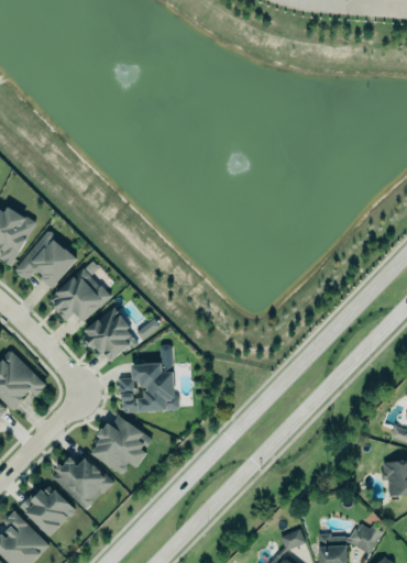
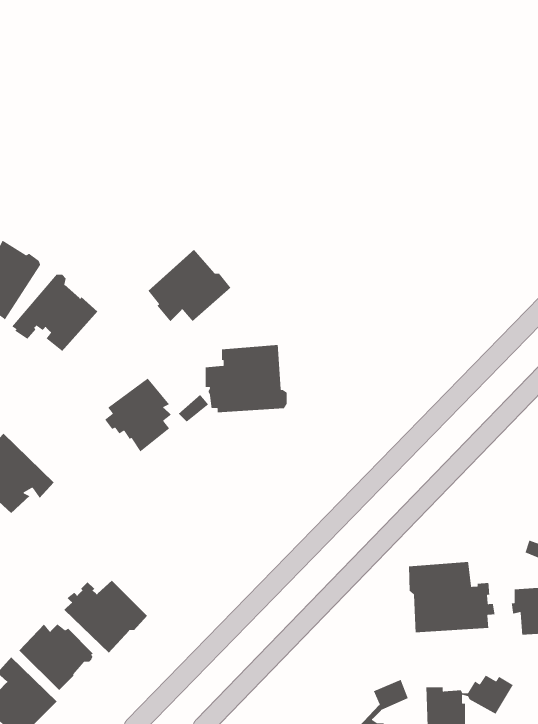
building: [50,267,111,321] -> [148,249,232,322]
building: [119,362,179,412] -> [205,344,287,413]
building: [91,415,153,474] -> none
building: none -> [408,561,496,633]

